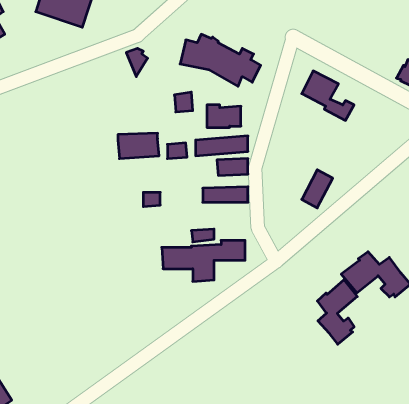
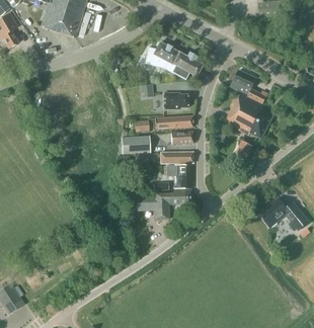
building: none -> [225,94,273,138]
building: [118,133,159,159] -> [121,135,150,153]
building: none -> [167,163,190,187]
building: [317,280,357,344] -> none

